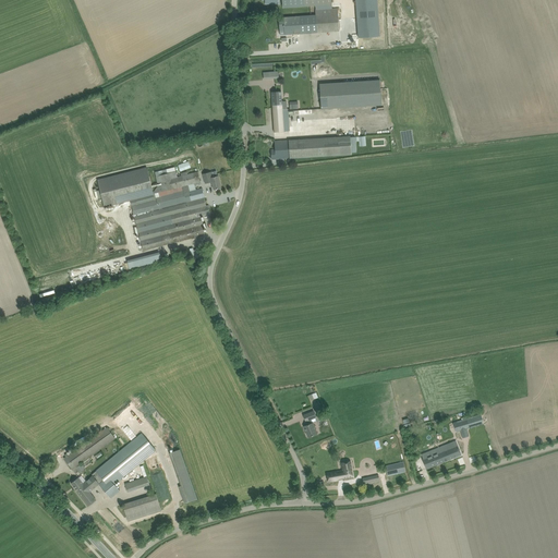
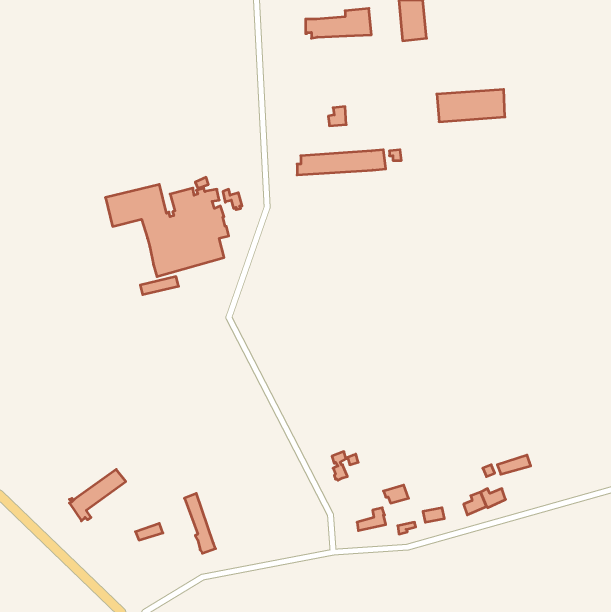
building: [318,80,380,109] -> [437,89,505,122]
building: [270,92,288,132] -> none
building: [70,433,155,506] -> none
building: [122,494,160,521] -> none

